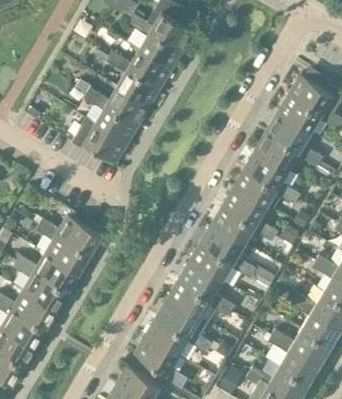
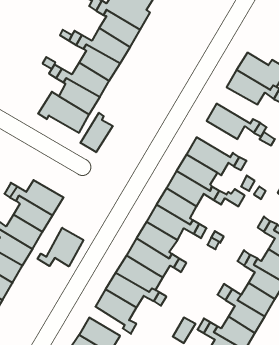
building: [267,113,312,153] -> none
building: none -> [80,113,113,152]
building: [245,150,290,190] -> none
building: none -> [38,228,83,266]

